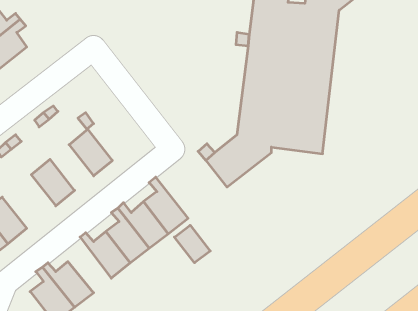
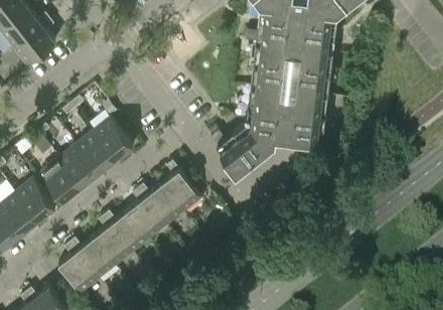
building: none -> [76,134,115,175]
building: none -> [40,161,81,203]
building: [174,225,210,263] -> none
building: none -> [92,217,131,268]

